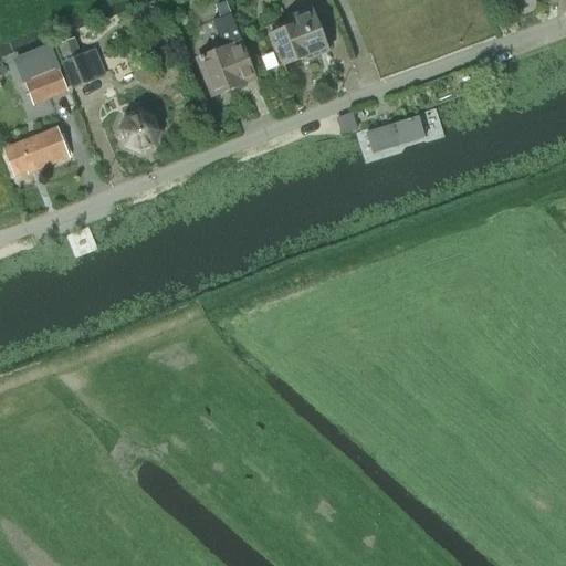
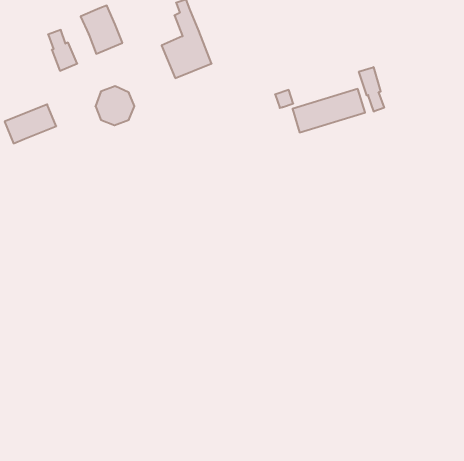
building: [269,6,328,64] -> none
building: [17,44,67,103] -> [81,6,122,54]
building: none -> [359,67,384,112]

